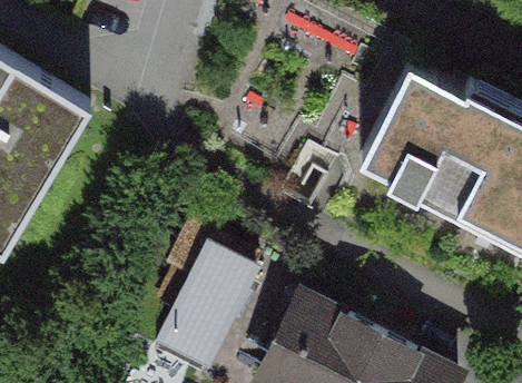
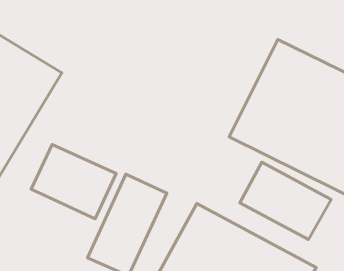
building: none -> [31,145,116,219]
building: none -> [240,162,331,240]

